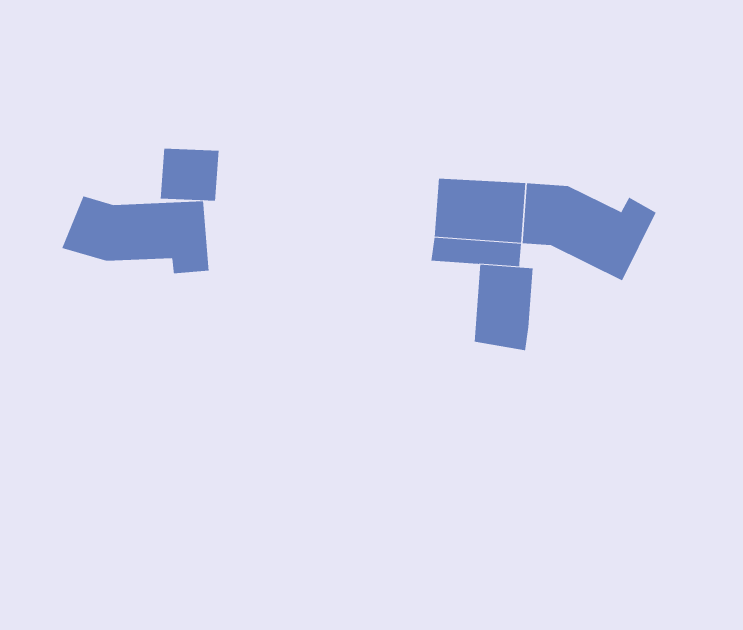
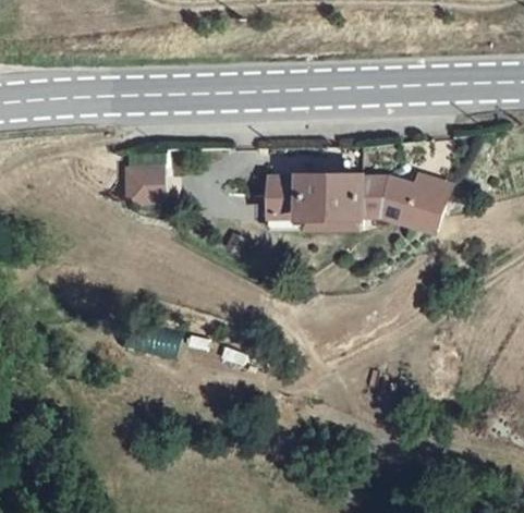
building: [62,196,209,274] -> none
building: [474,264,533,351] -> [268,174,303,228]

